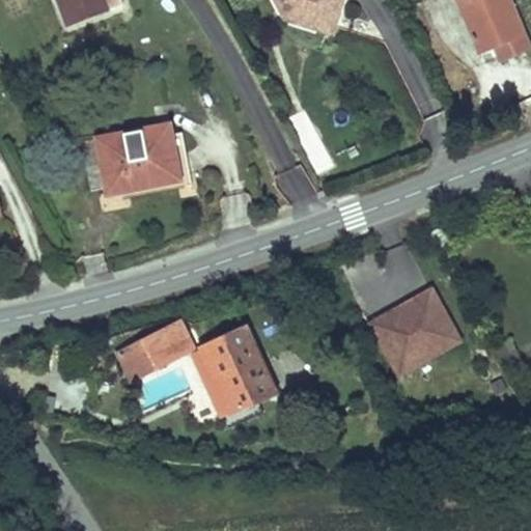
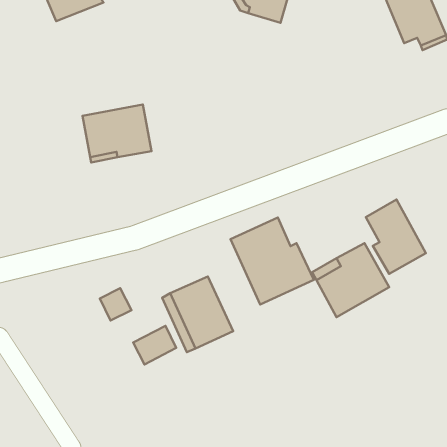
building: none -> [366,200,426,274]
building: none -> [230,218,314,305]
building: [142,320,193,366] -> [133,326,176,364]

